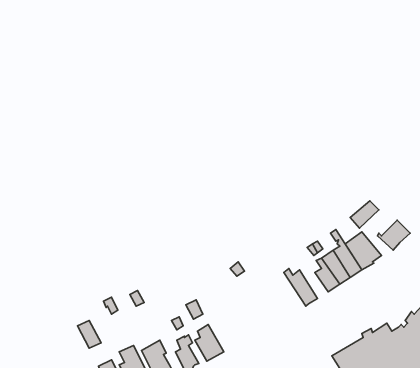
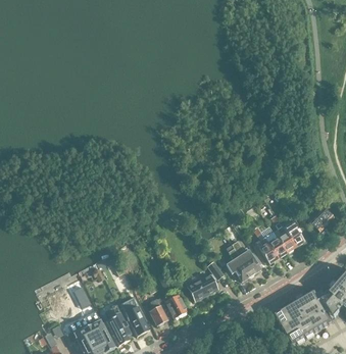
building: none -> [225,248,251,281]
building: none -> [187,261,223,300]

